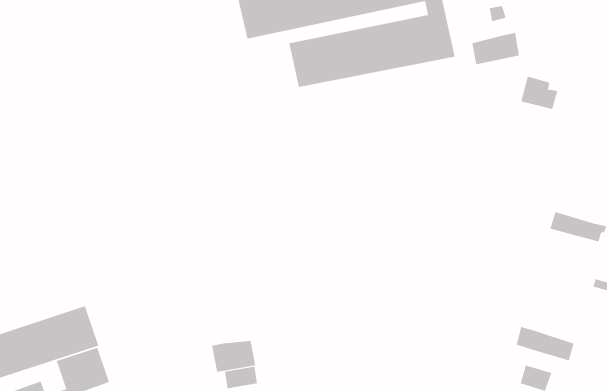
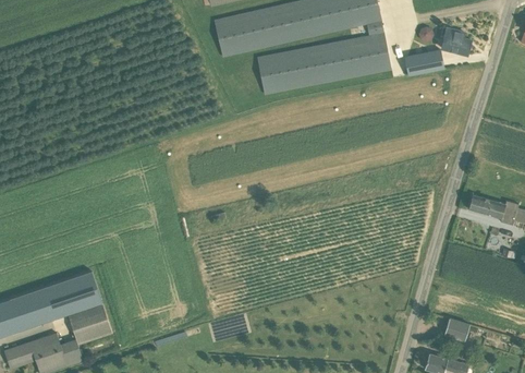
building: [520,76,558,110] -> [440,27,471,55]
building: [516,326,574,361] -> none
building: [211,340,256,373] -> none

